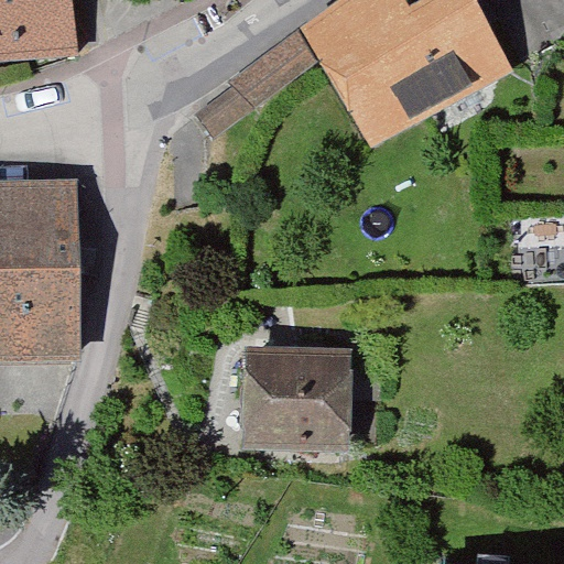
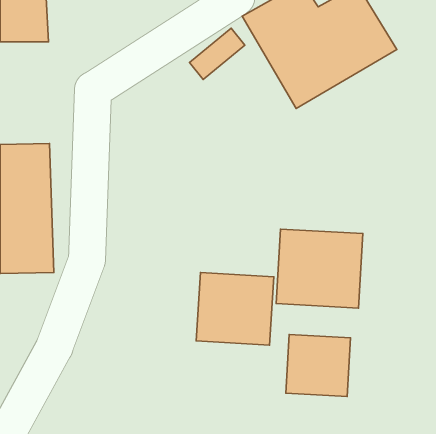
building: none -> [276,229,363,308]
building: none -> [286,334,350,397]

